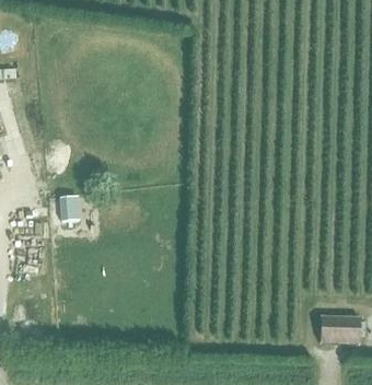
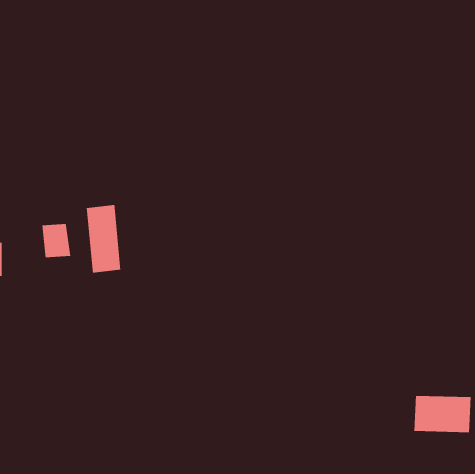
building: none -> [86,204,121,273]

